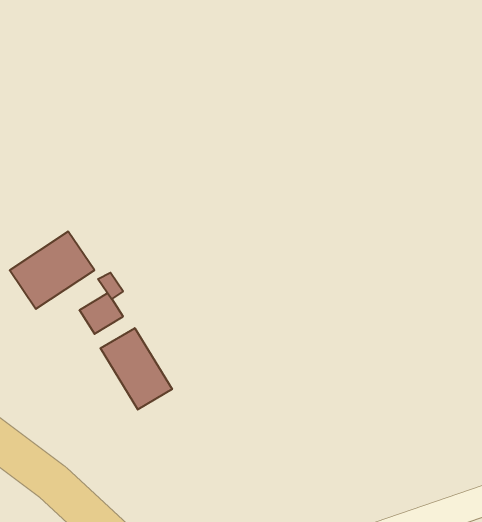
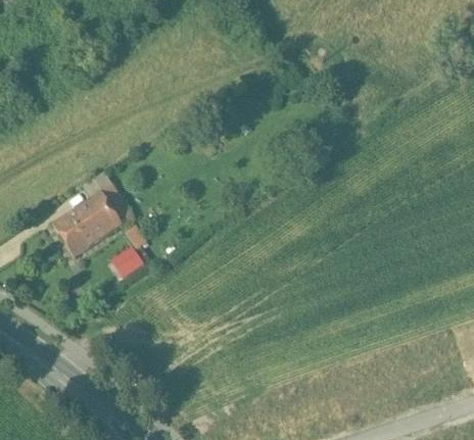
building: [100,328,172,410] -> none

